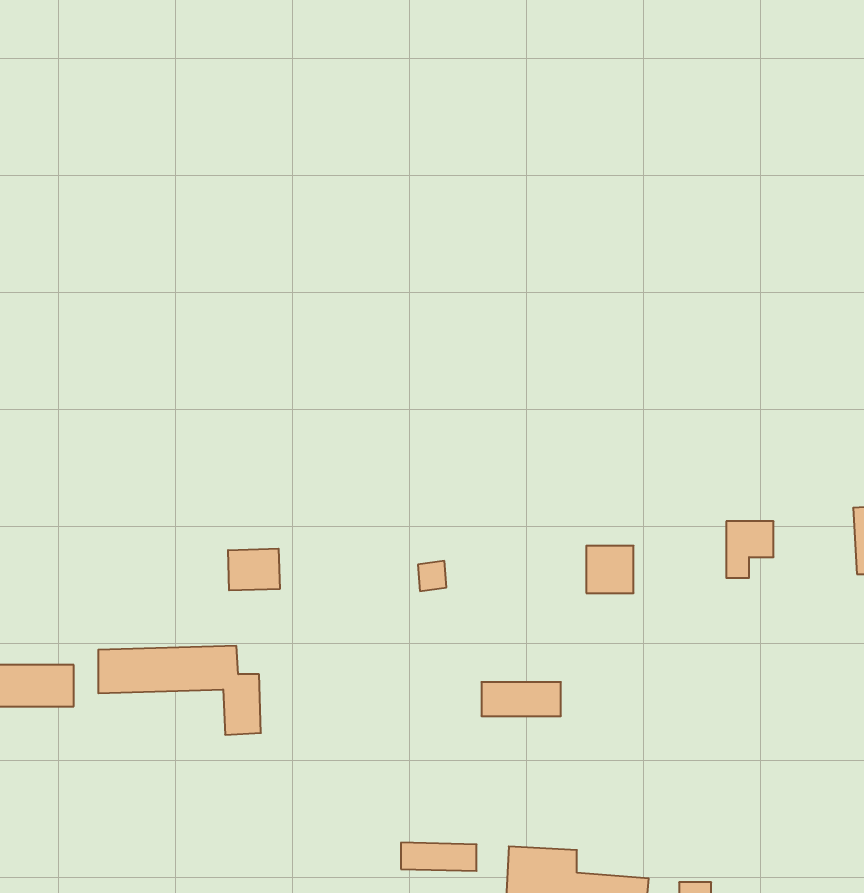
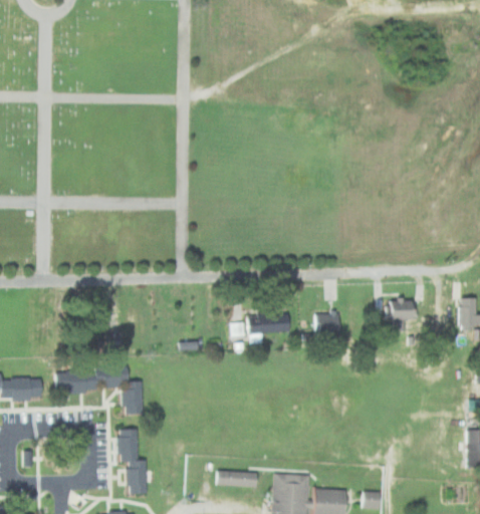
building: [228,549,280,590] -> none
building: [481,682,561,716] -> [248,316,290,334]
building: none -> [119,430,147,494]

